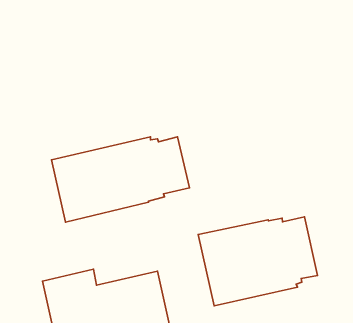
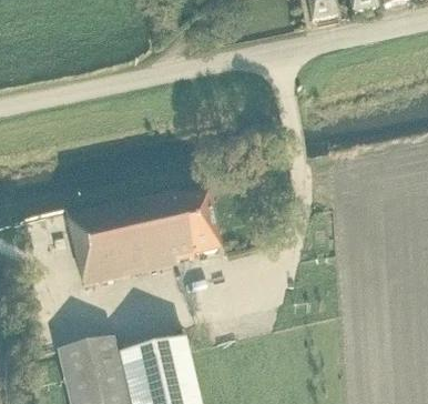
building: [198,217,317,306] -> none

